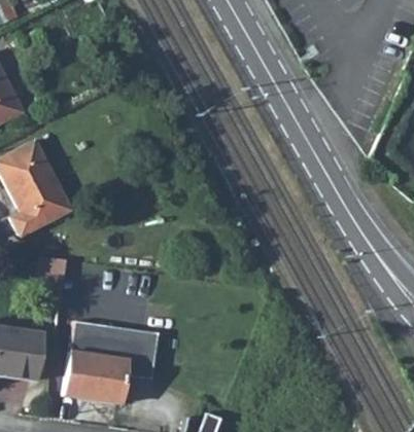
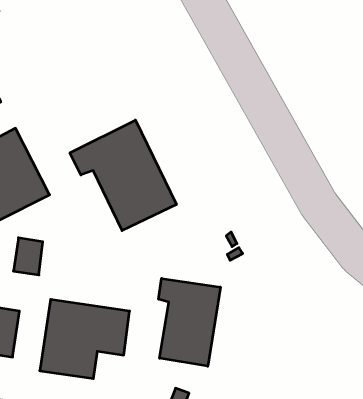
building: none -> [70,120,176,231]
building: none -> [159,278,220,366]

